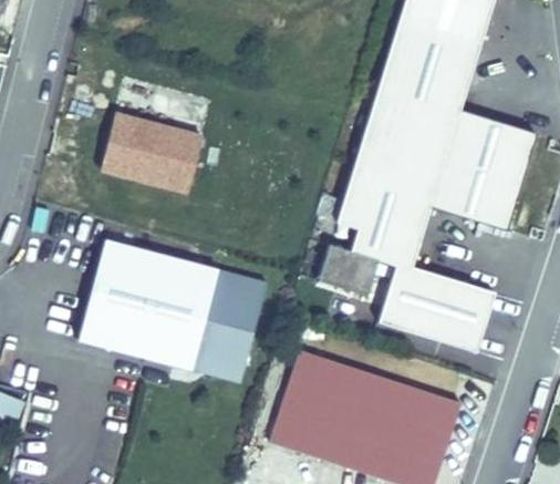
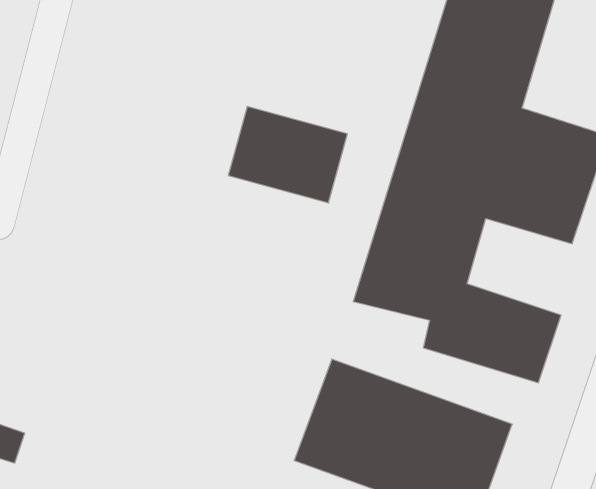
building: [100,112,205,197] -> [228,106,347,203]
building: [79,238,269,384] -> none

